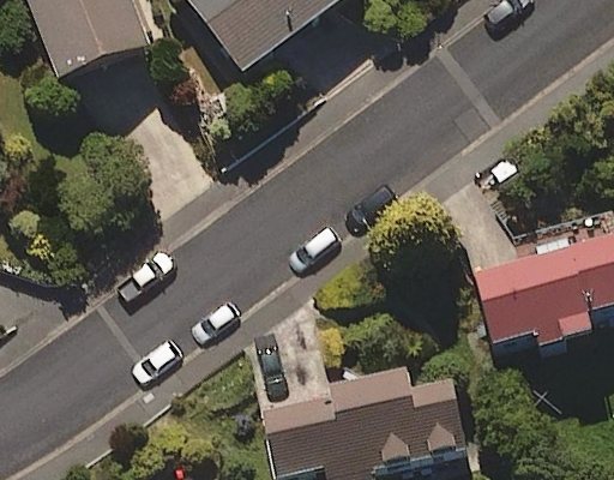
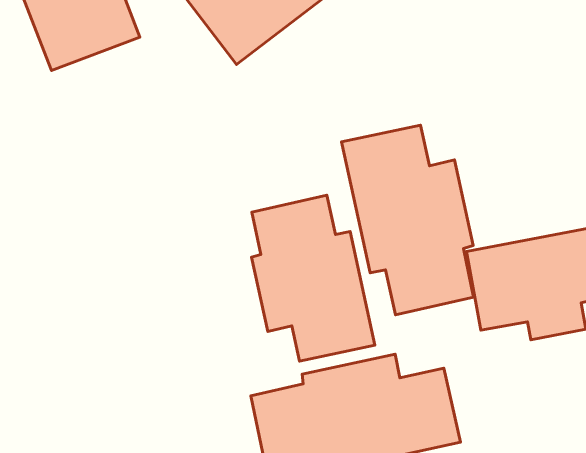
building: none -> [342,125,474,315]
building: none -> [251,195,375,361]

